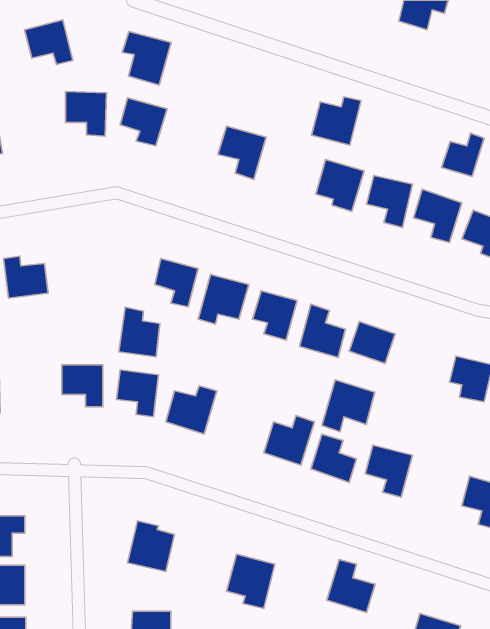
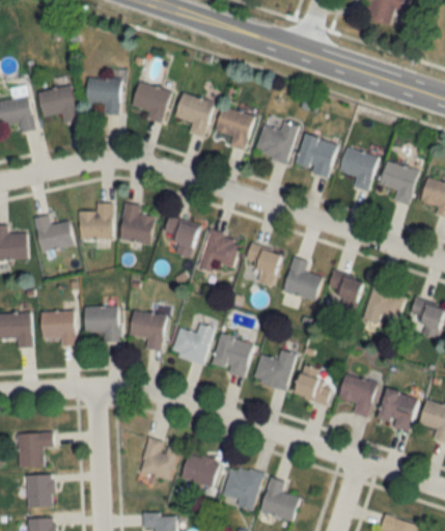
building: [24,20,73,64] -> [37,84,78,121]
building: [122,31,171,85] -> none
building: [312,97,361,145] -> [256,121,298,162]
building: none -> [174,92,214,136]
building: [442,133,484,177] -> none
building: none -> [79,203,112,239]
building: [119,307,160,357] -> [119,202,154,244]
building: none -> [40,311,75,345]
building: [322,380,375,432] -> [361,283,406,327]
building: none -> [211,333,253,374]
building: none -> [377,389,416,429]
building: none -> [180,451,220,486]
building: [327,559,375,613] -> [259,477,300,522]

